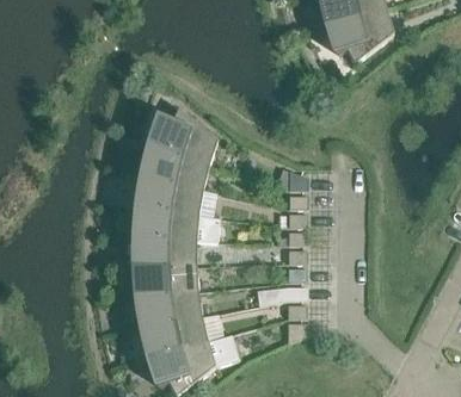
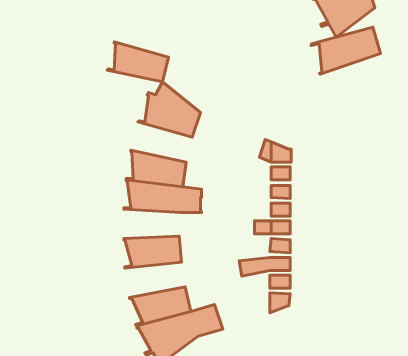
building: none -> [311,27,380,74]
building: [141,150,203,191] -> [107,42,169,82]
building: [134,238,191,268] -> none
building: [135,292,196,328] -> none

